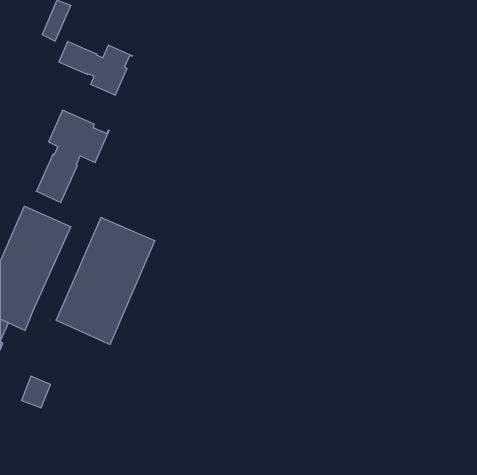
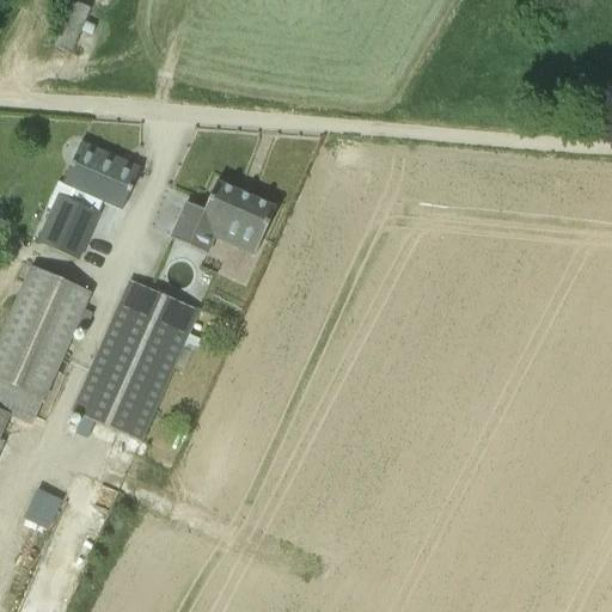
building: [59,41,133,95] -> none
building: none -> [171,179,275,253]

